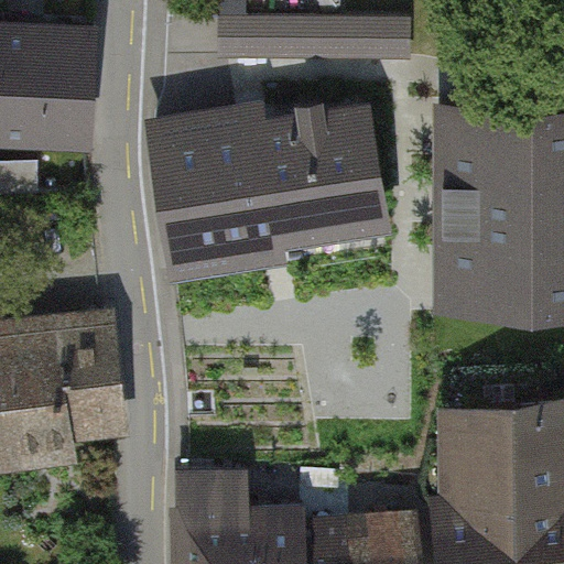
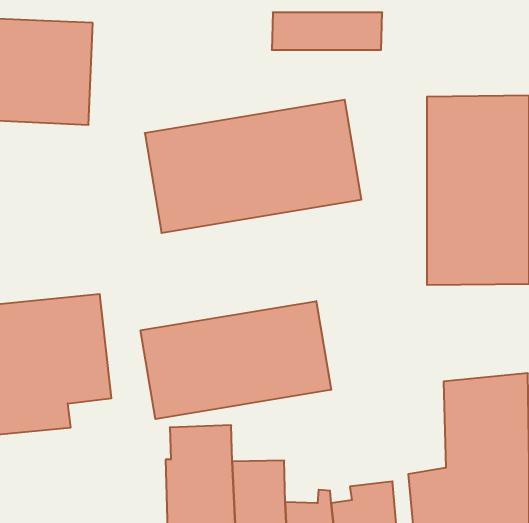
building: none -> [141,301,331,419]

